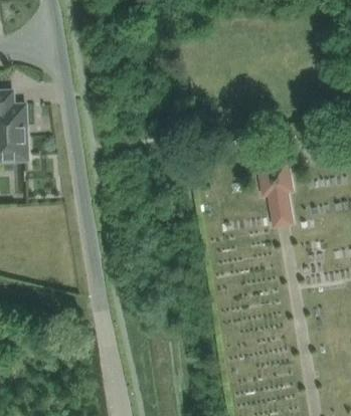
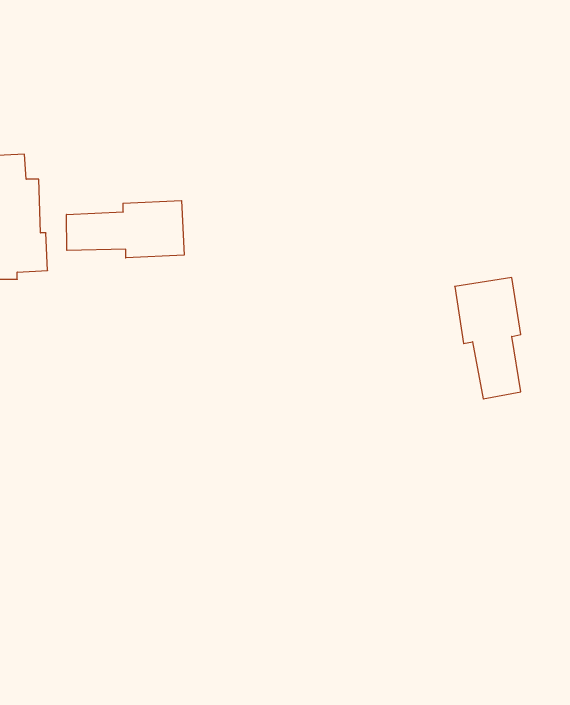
building: none -> [67,201,184,258]

